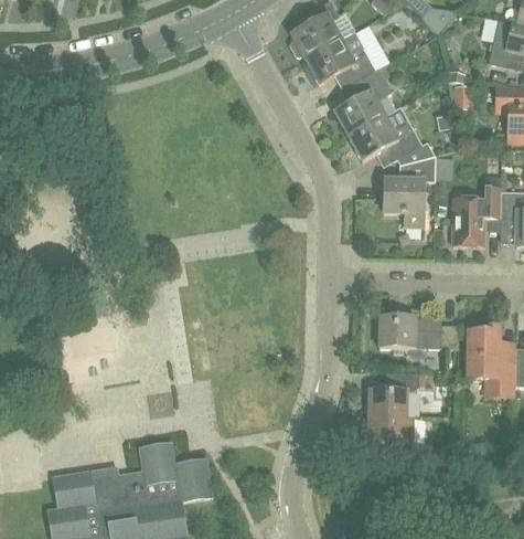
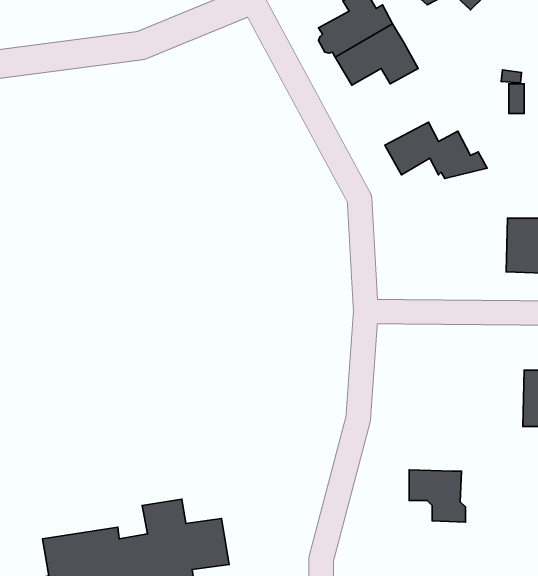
building: [334,68,392,136] -> none
building: [384,156,436,226] -> none
building: [378,316,459,349] -> none
building: [368,372,418,418] -> none

